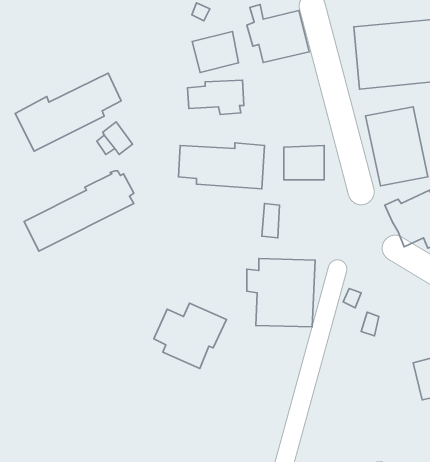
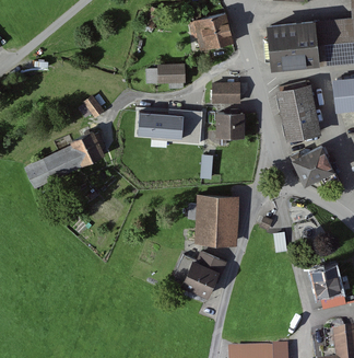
building: [192,31,238,73] -> none
building: [15,73,121,151] -> none
building: none -> [213,81,241,103]
building: [154,303,227,369] -> [175,250,228,298]

